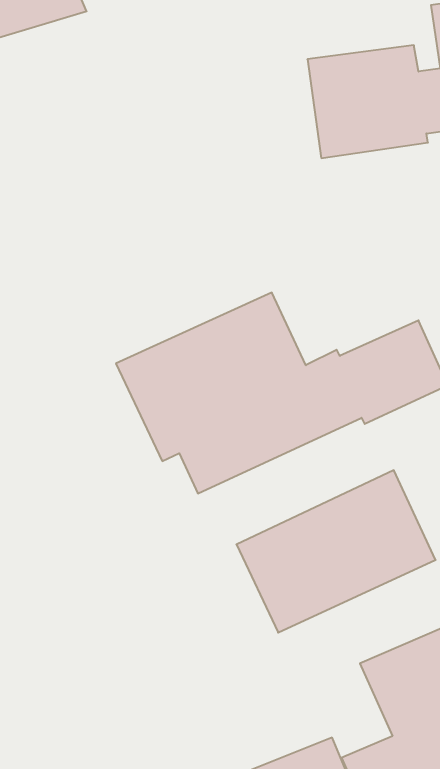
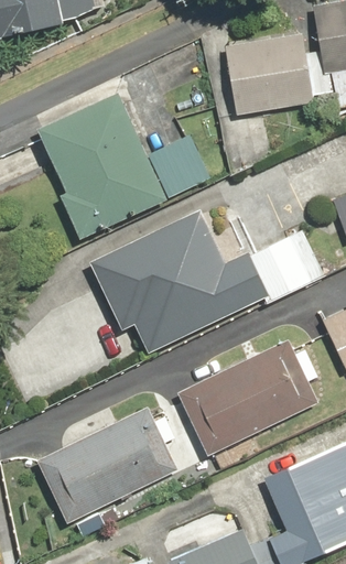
building: none -> [37,93,212,240]
building: none -> [36,405,179,522]

